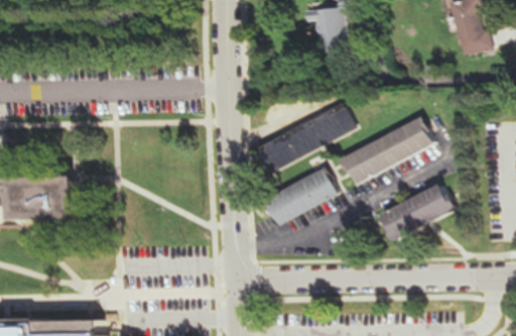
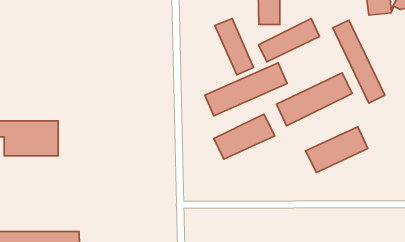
building: none -> [258,18,319,62]
building: none -> [215,19,254,75]
building: none -> [333,20,385,103]

